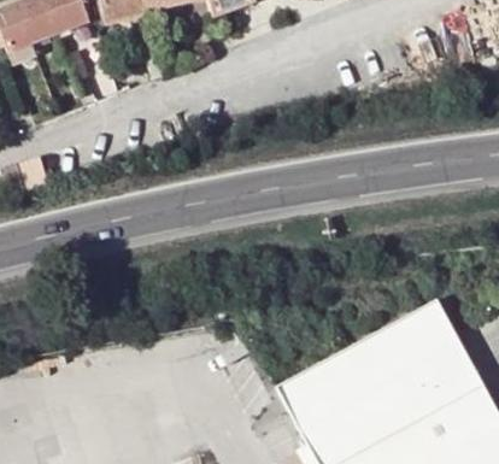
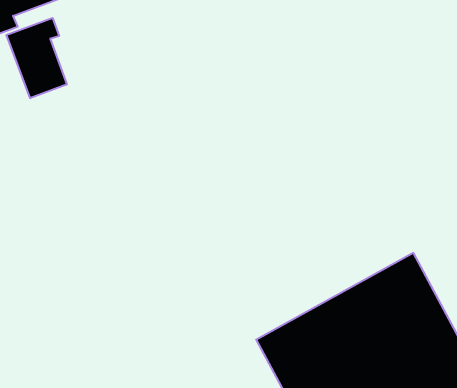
building: none -> [6,18,67,98]

